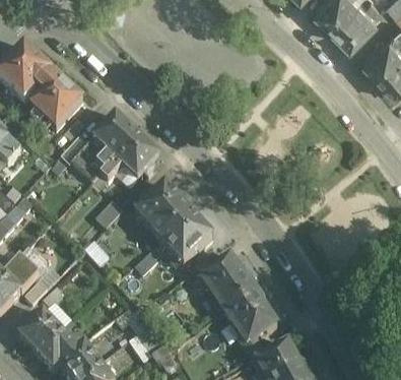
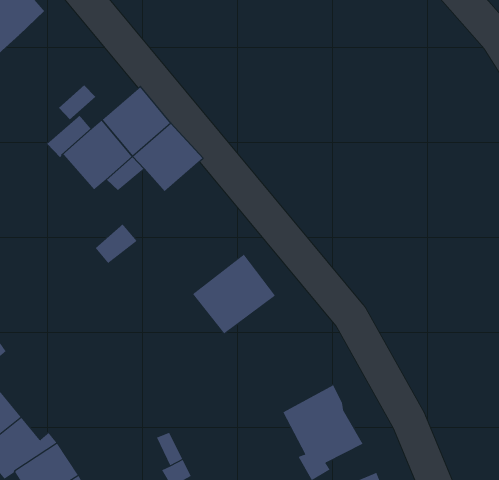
building: [32,71,83,128] -> none
building: [135,183,192,241] -> none
building: [195,257,256,310] -> none

